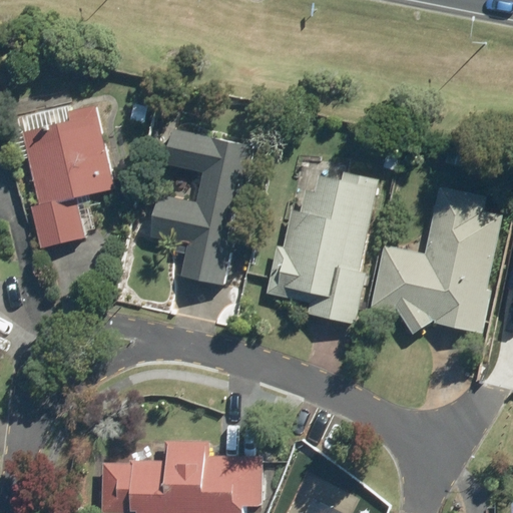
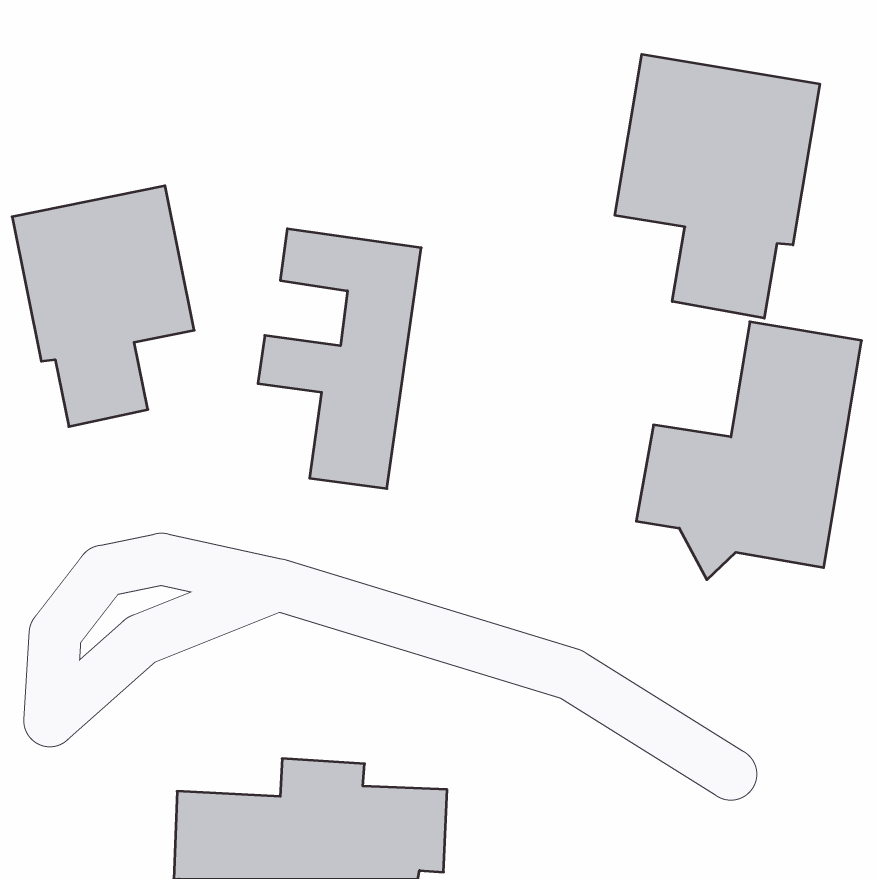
building: none -> [615,54,820,318]
building: [268,173,378,324] -> none

